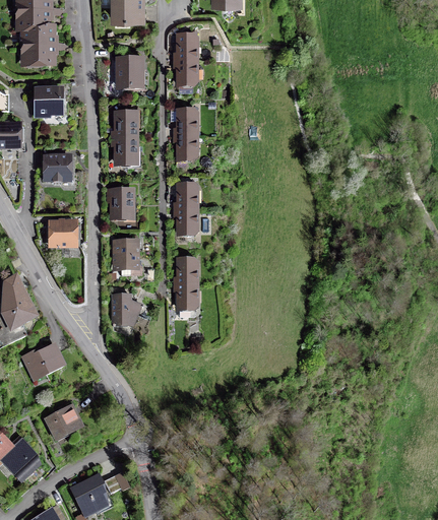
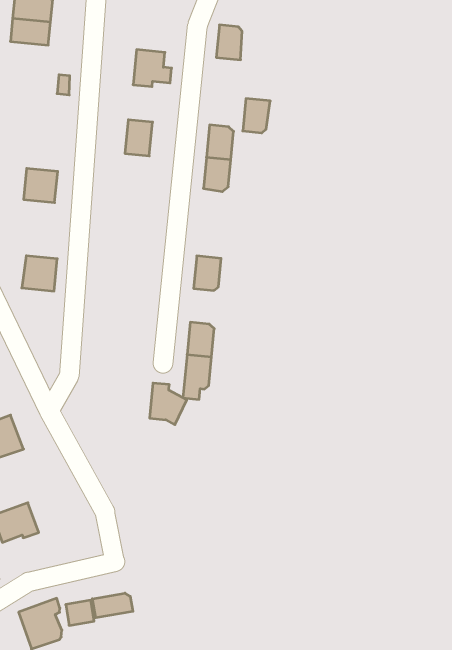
building: [178,60,196,84] -> [243,99,270,133]
building: [36,89,63,113] -> none
building: [117,138,135,164] -> none
building: [178,185,196,209] -> none
building: [113,190,130,217] -> none
building: [115,239,135,274] -> none
building: [113,295,139,324] -> [150,383,187,425]
building: none -> [92,593,133,618]

